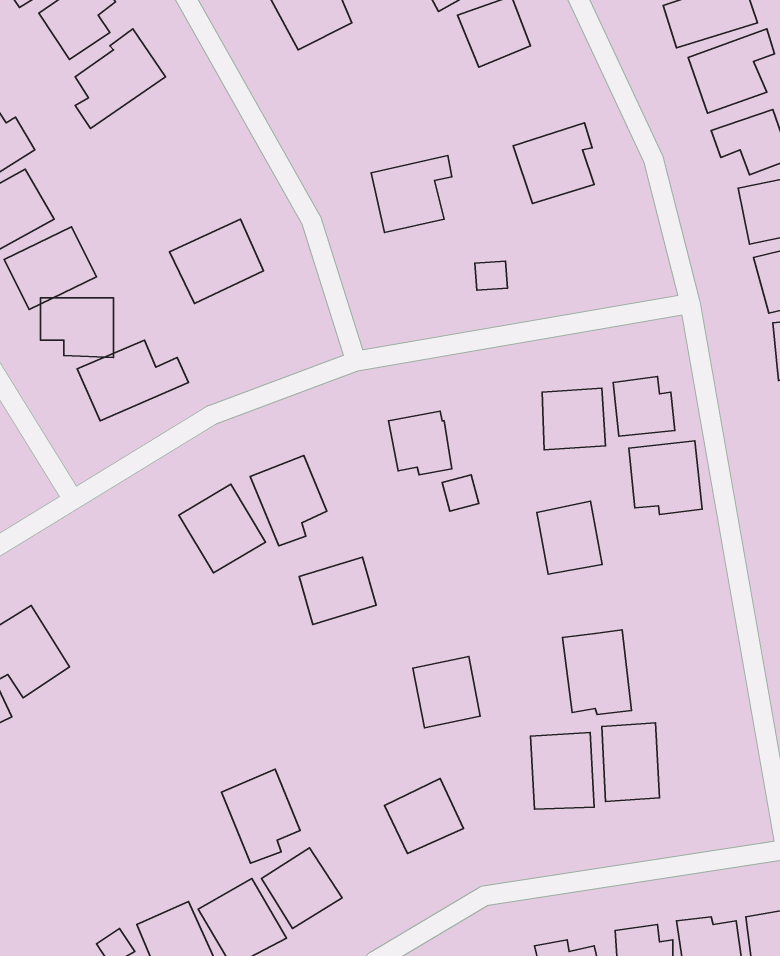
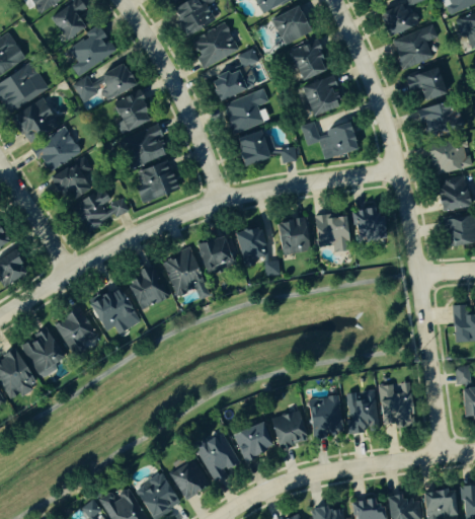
building: none -> [189,21,240,69]
building: none -> [288,41,329,82]
building: none -> [211,48,259,101]
building: none -> [74,64,136,101]
building: none -> [113,91,150,133]
building: none -> [302,123,358,159]
building: none -> [235,130,270,167]
building: none -> [137,160,178,203]
building: [629,441,702,514] -> none
building: [537,501,602,574] -> [276,217,311,255]
building: none -> [88,286,141,335]
building: [299,557,376,624] -> [196,234,237,270]
building: none -> [55,307,97,358]
building: [562,630,632,714] -> [378,381,414,426]
building: [413,657,480,728] -> [271,410,307,447]
building: [222,769,300,863] -> [196,431,238,480]

